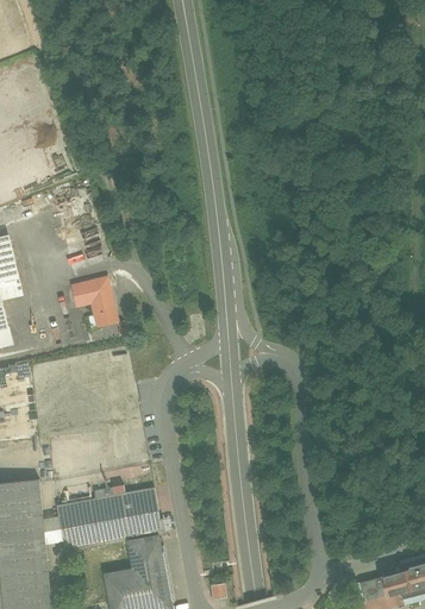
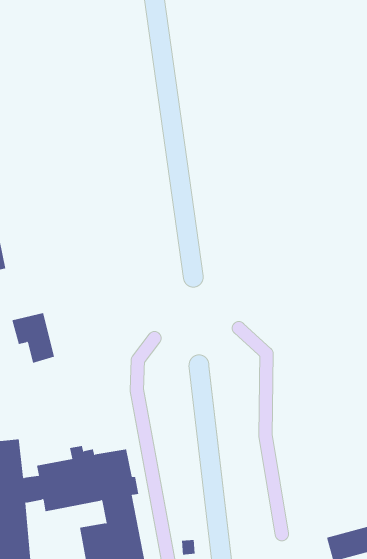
building: [70,276,117,331] -> [12,313,55,363]

